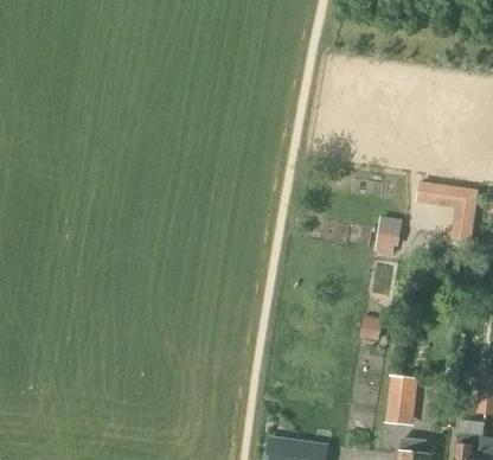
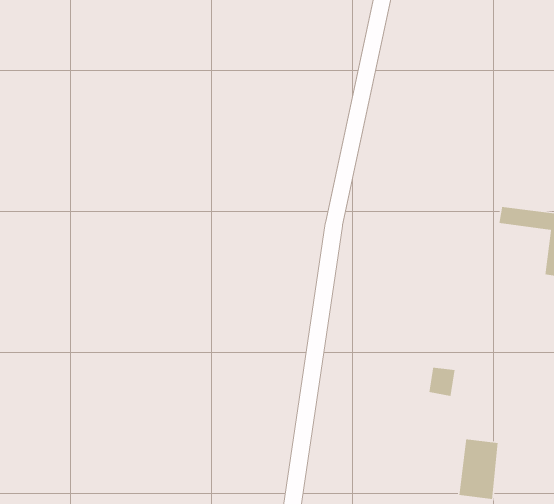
building: [374,217,402,255] -> none

